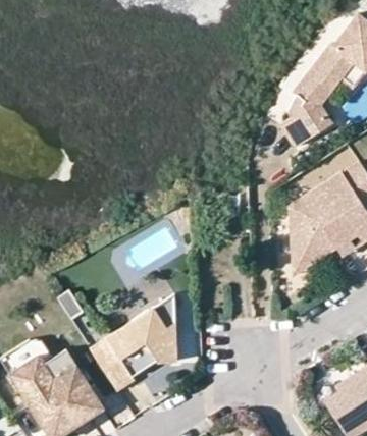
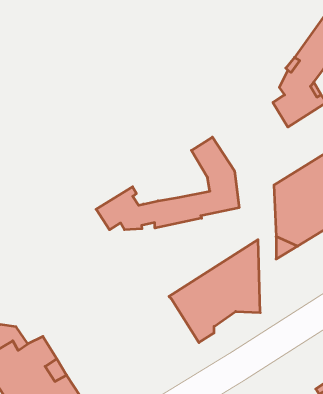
building: none -> [96,137,239,230]
building: [86,293,172,391] -> [169,240,260,343]

